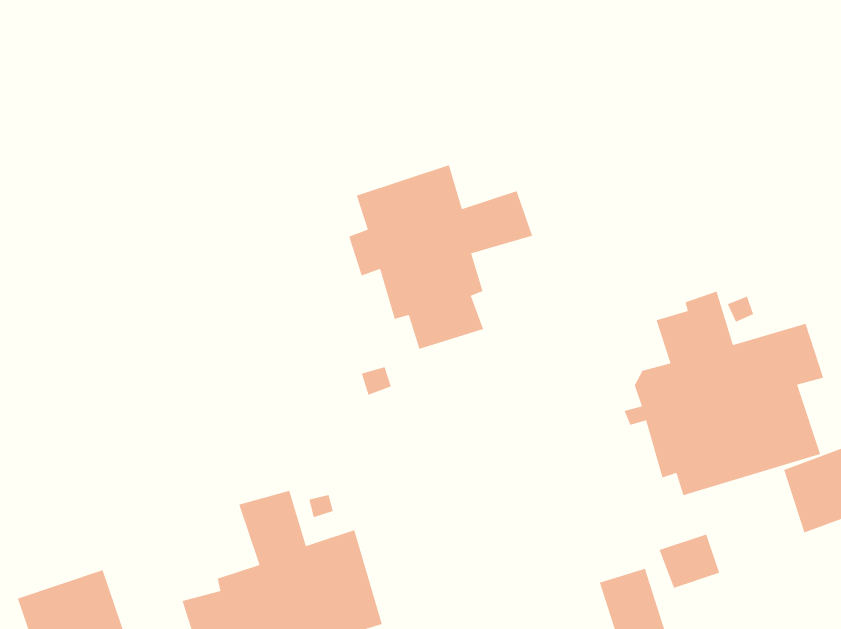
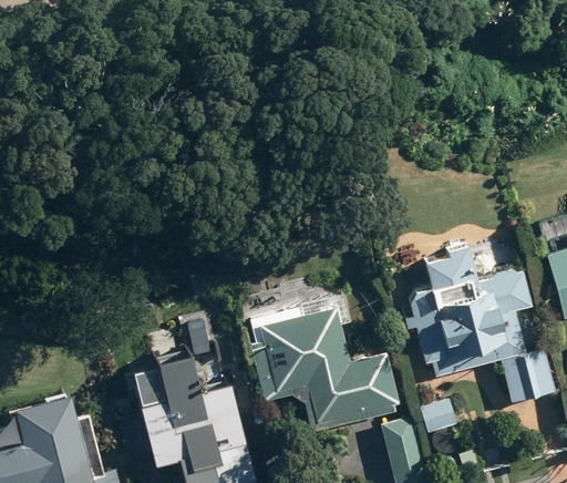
building: [348,164,533,350] -> none
building: none -> [250,308,401,432]

